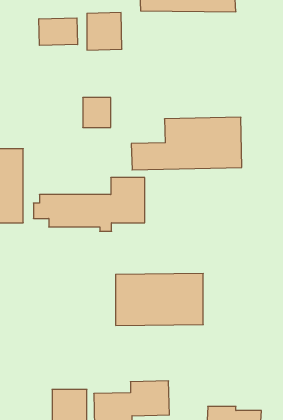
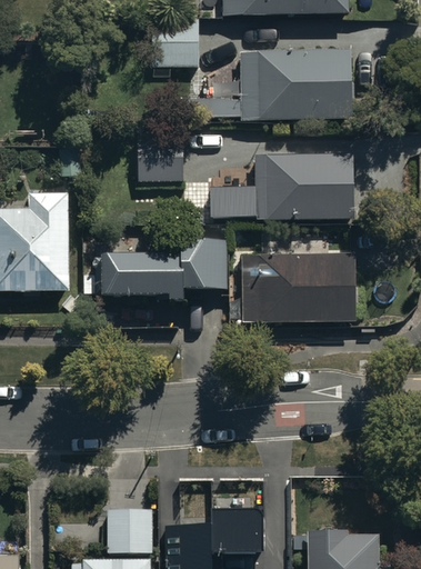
building: [39,18,78,45] -> none
building: none -> [180,50,351,120]
building: [116,274,203,325] -> [241,253,355,321]

